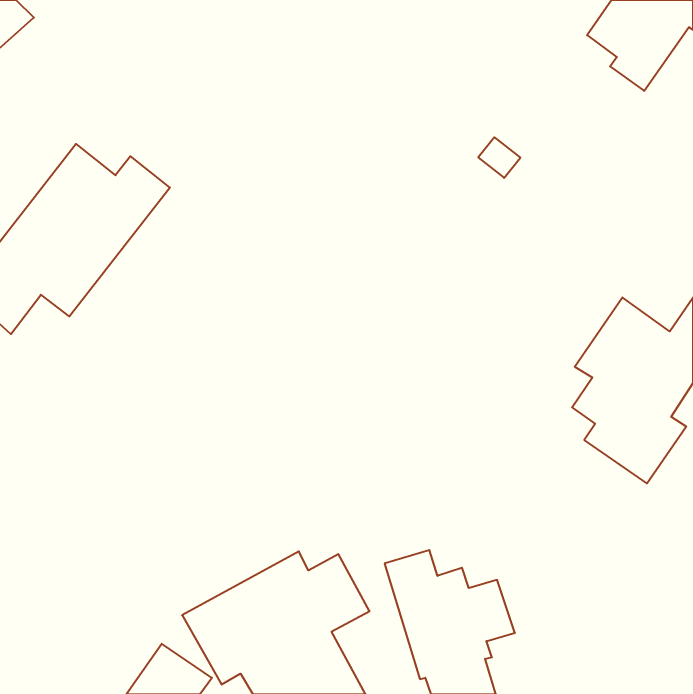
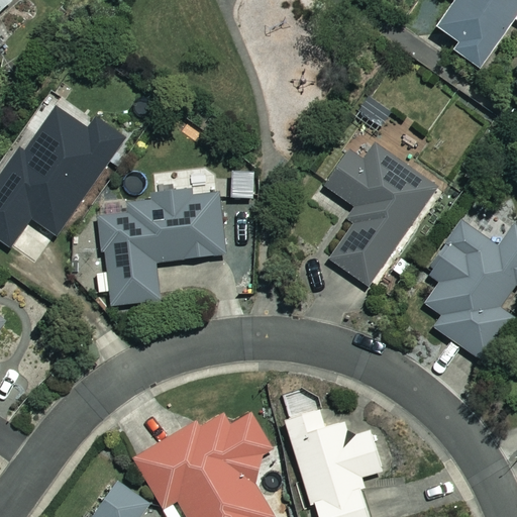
building: none -> [324,144,435,287]
building: none -> [97,190,225,306]

